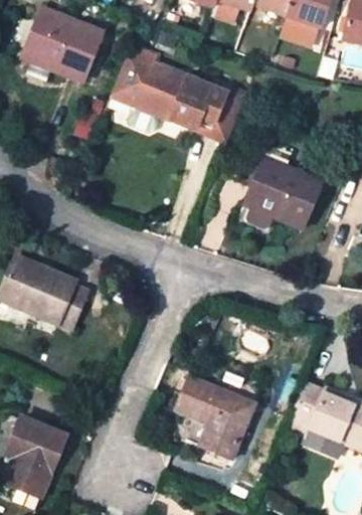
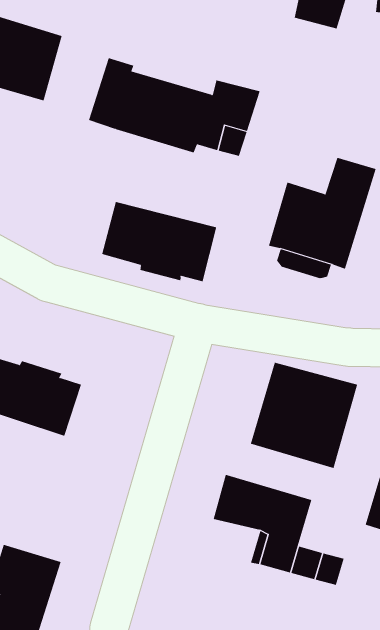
building: none -> [102,201,217,282]
building: none -> [250,362,358,469]

